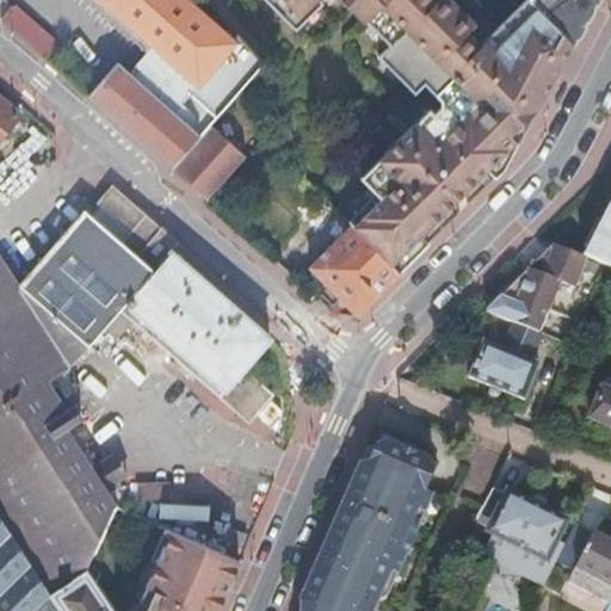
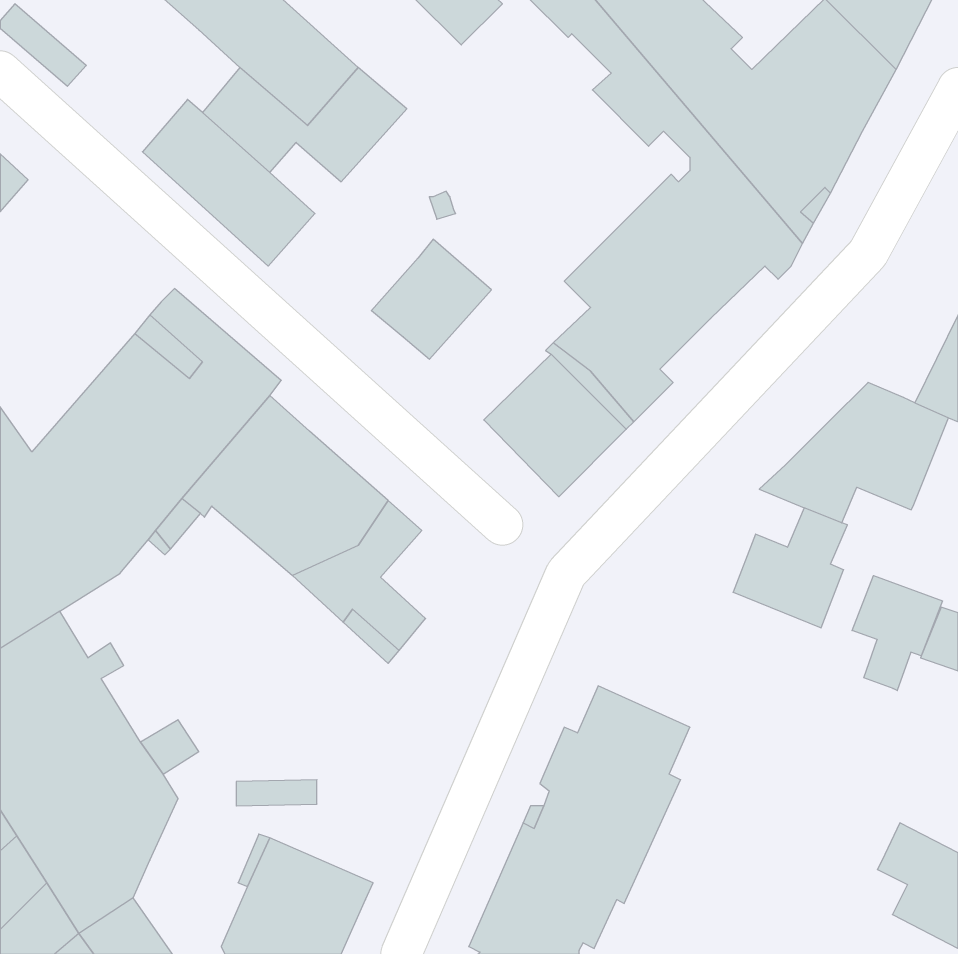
building: [171,124,247,200] -> [371,239,491,359]
building: none -> [852,576,943,691]
building: [474,489,563,587] -> none

